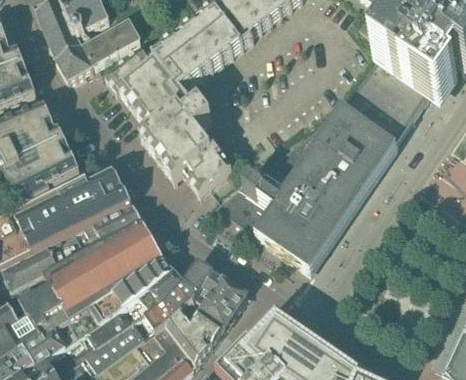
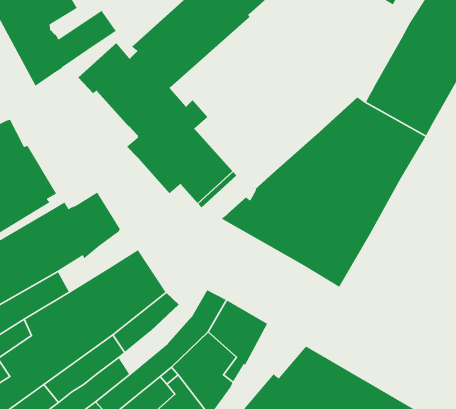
building: [76,204,144,253] -> none
building: [121,271,184,326] -> none

